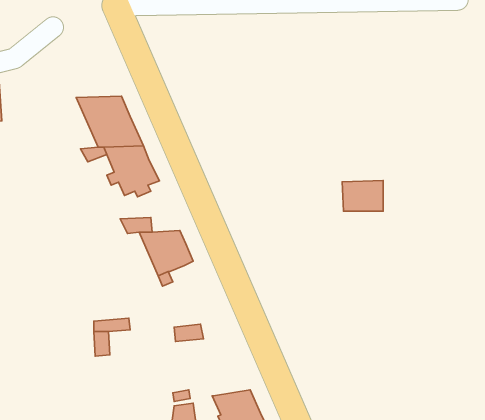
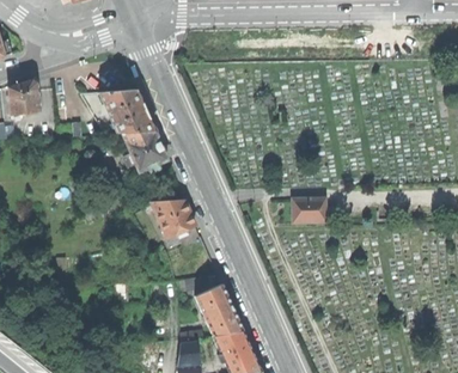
building: [342,180,383,211] -> [292,196,325,221]
building: none -> [195,283,243,335]

